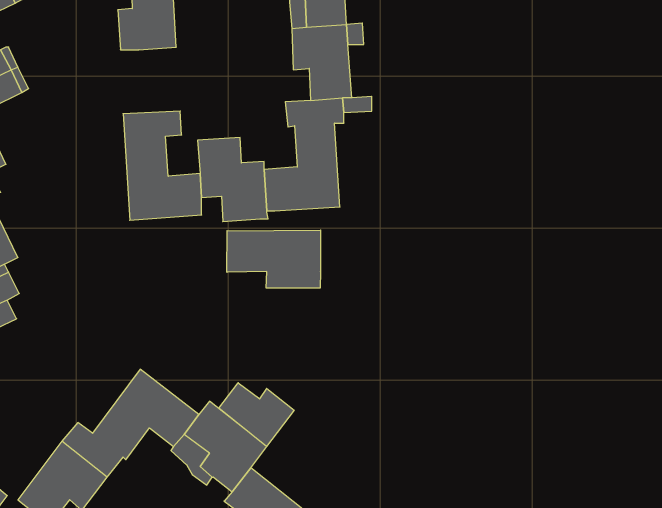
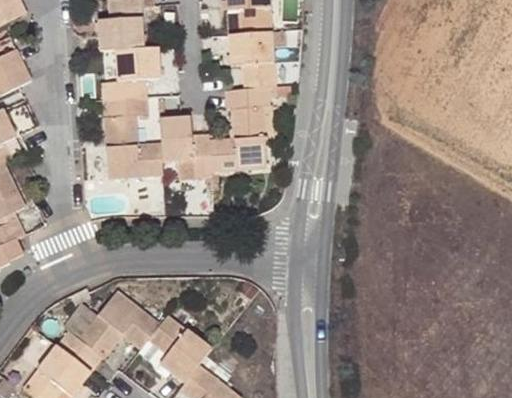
building: none -> [103,47,160,98]
building: [227,230,321,288] -> none
building: [219,383,294,446] -> none

